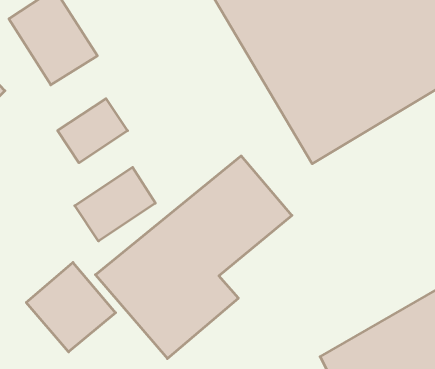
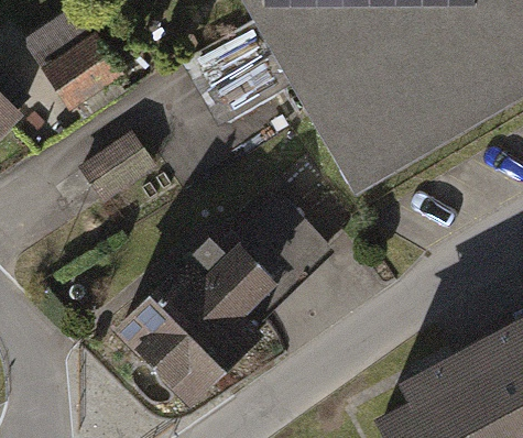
building: [75,167,155,241] -> none
building: [26,262,116,352] -> none

